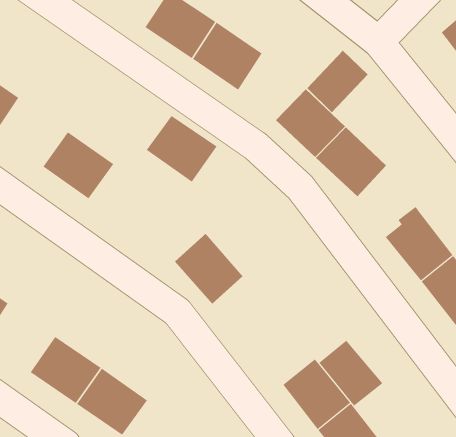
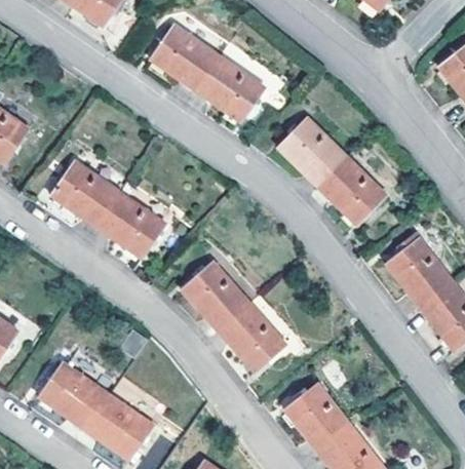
building: [306,50,368,113] -> none
building: [146,115,218,183] -> [96,193,166,259]
building: none -> [217,302,283,369]
building: [319,340,383,407] -> none

